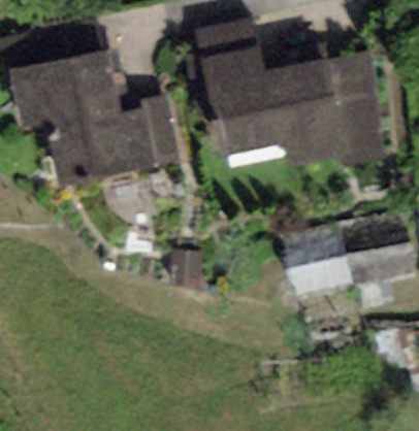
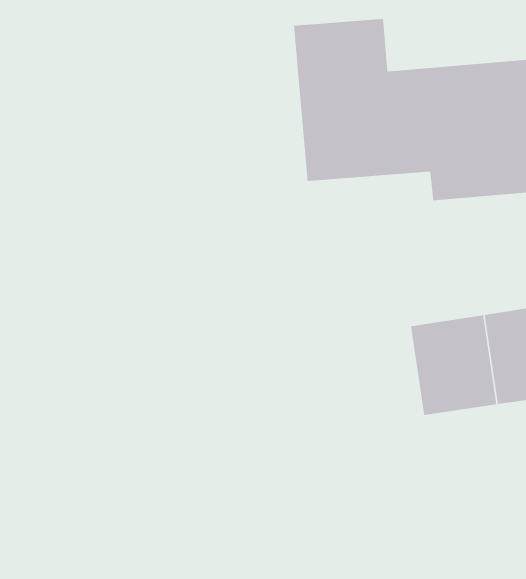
building: [21,57,140,179] -> none

